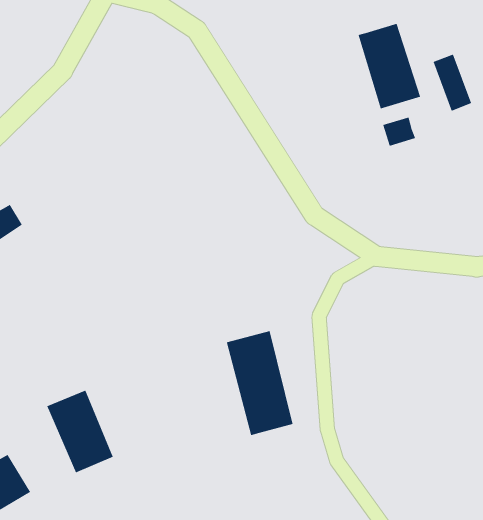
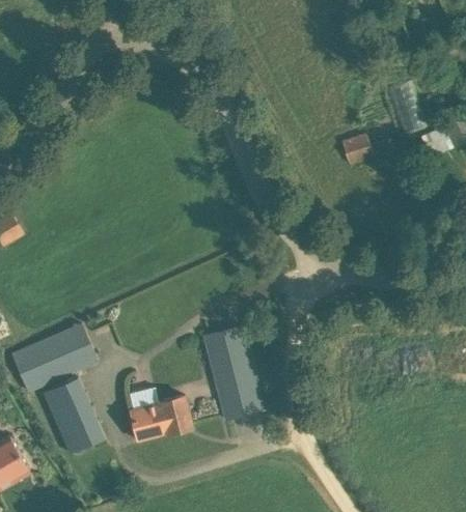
building: [357,23,421,109] -> none
building: none -> [13,324,97,391]
building: none -> [130,395,193,442]

